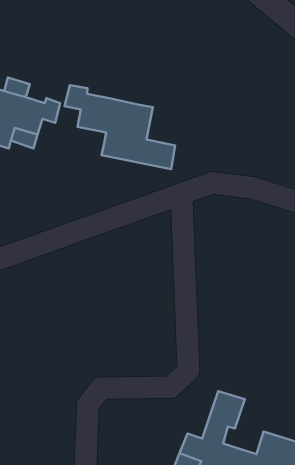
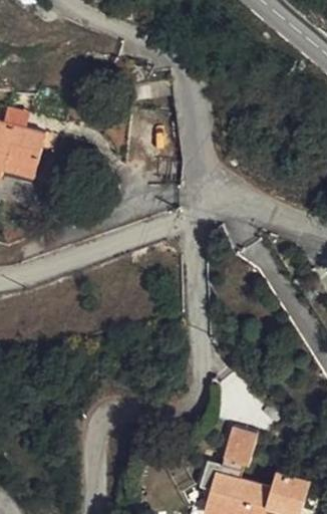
building: [65,85,175,169] -> none

